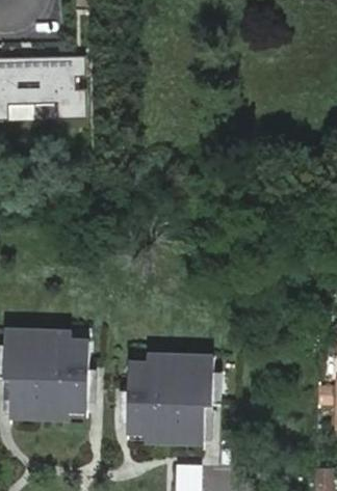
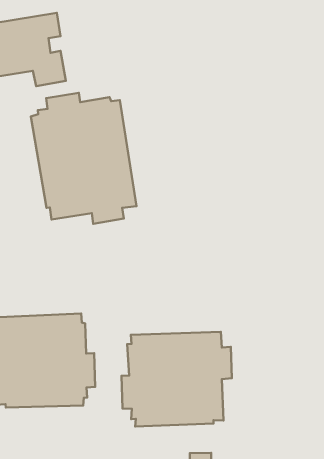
building: none -> [31,93,136,224]

